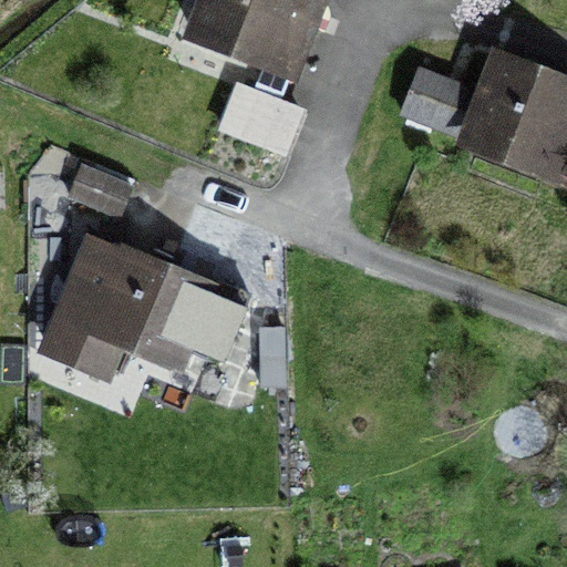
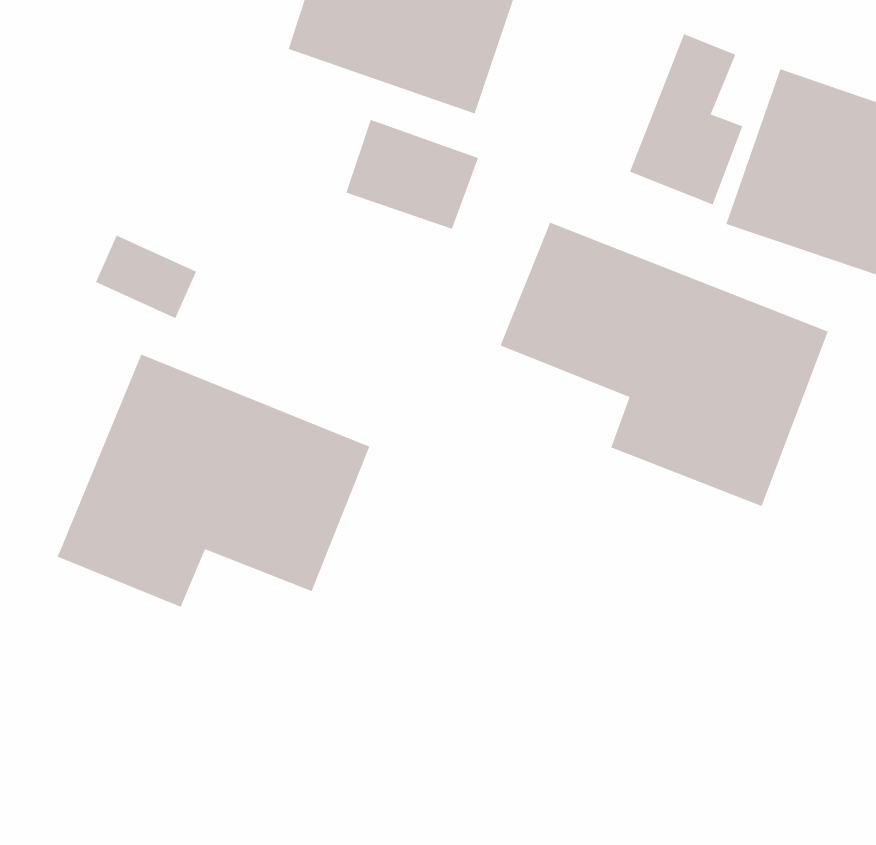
building: none -> [500,222,828,507]

